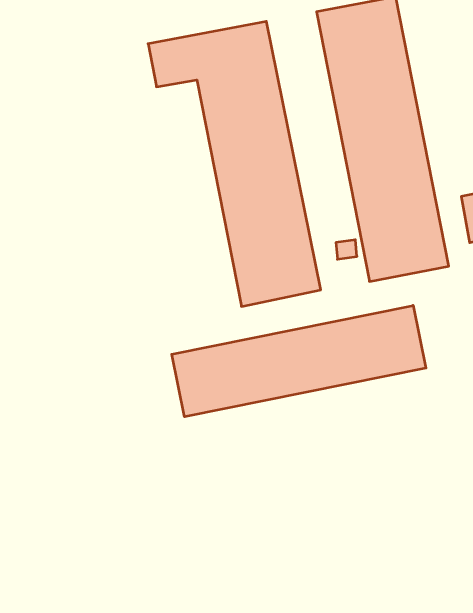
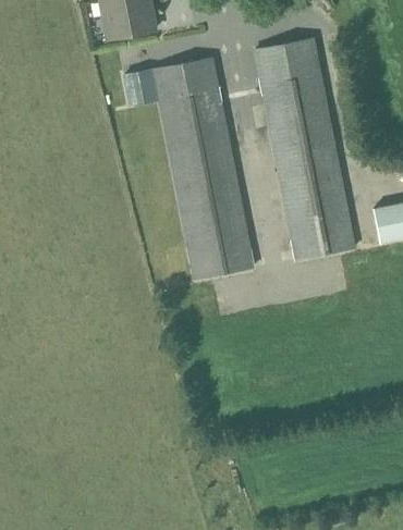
building: [172,305,426,417] -> none

